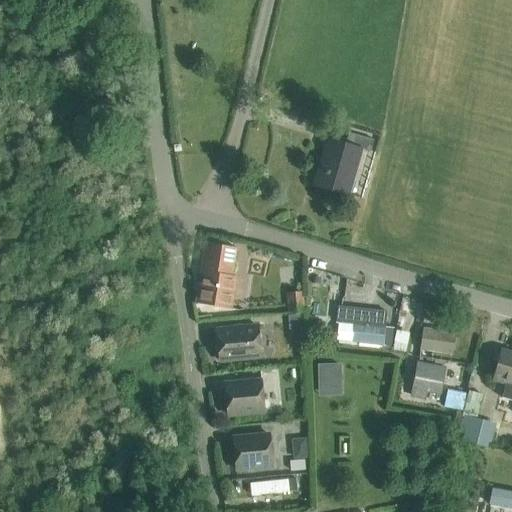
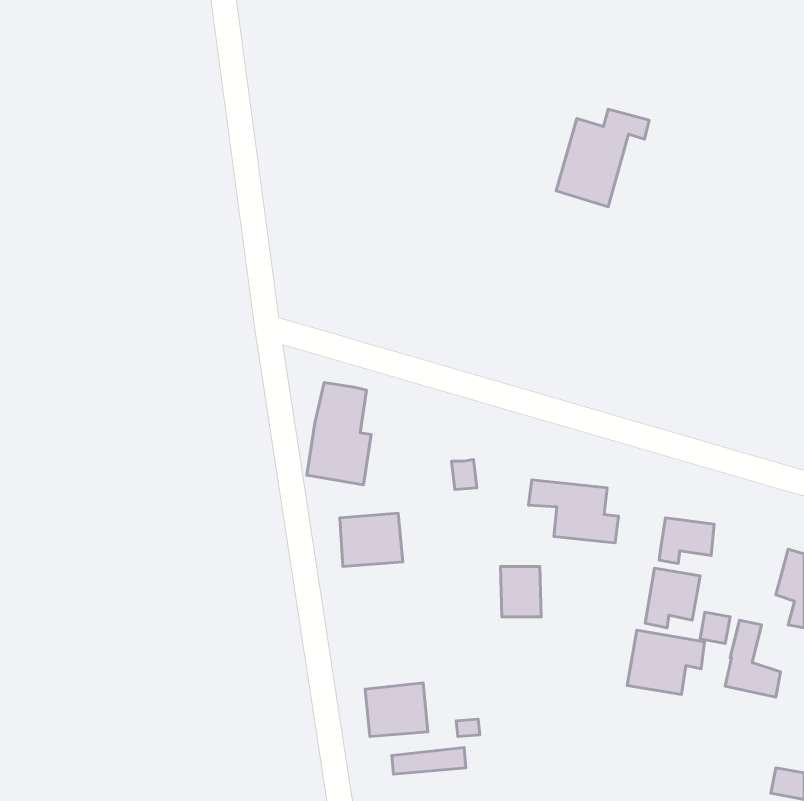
building: [314,132,373,194] -> [556,109,649,207]
building: [224,380,264,414] -> none
building: none -> [627,630,705,694]

